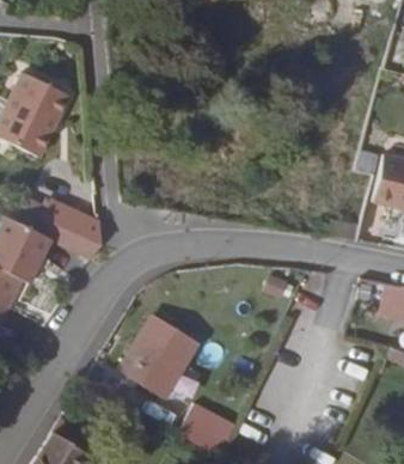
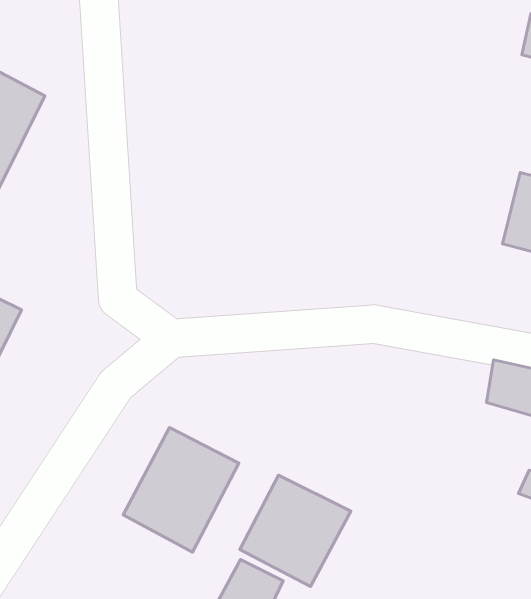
building: [44,199,98,248] -> none
building: none -> [240,475,351,587]

